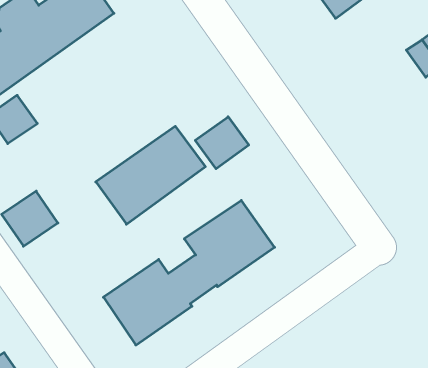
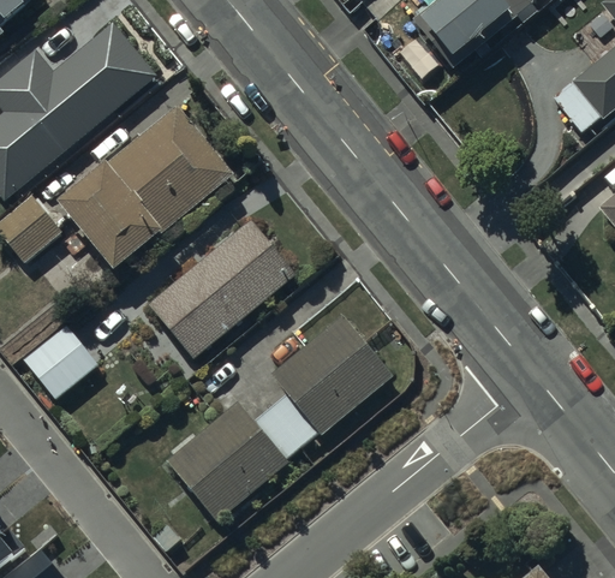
building: none -> [56,105,233,274]
building: [195,117,249,169] -> none

